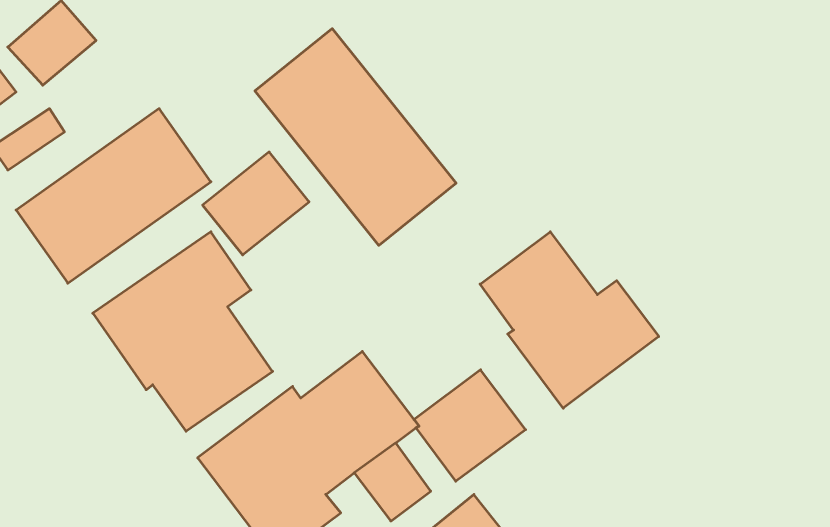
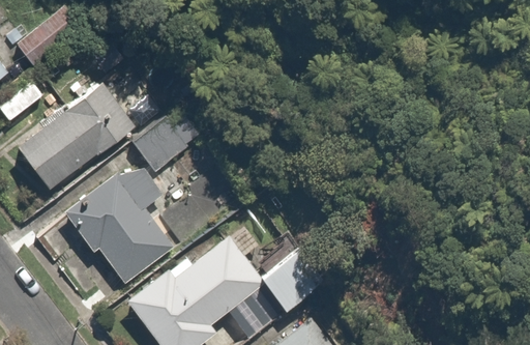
building: [255,29,456,245] -> none
building: [480,232,659,408] -> none

